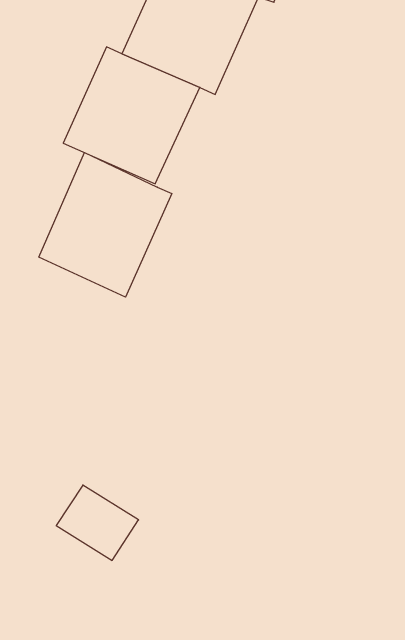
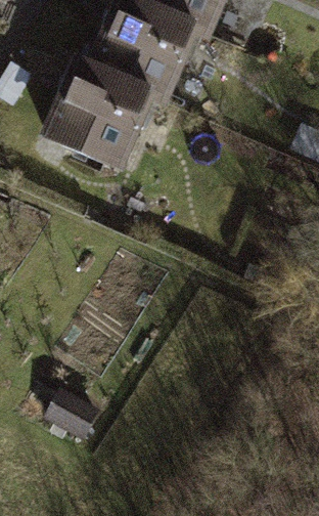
building: [39,153,172,297] -> none

